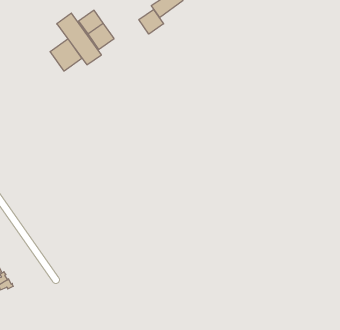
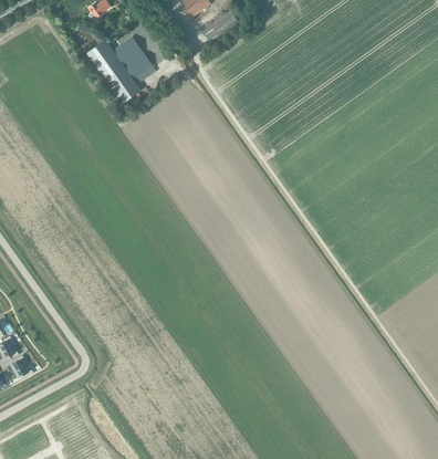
building: [139,9,164,34] -> none
building: [50,39,82,71] -> none

